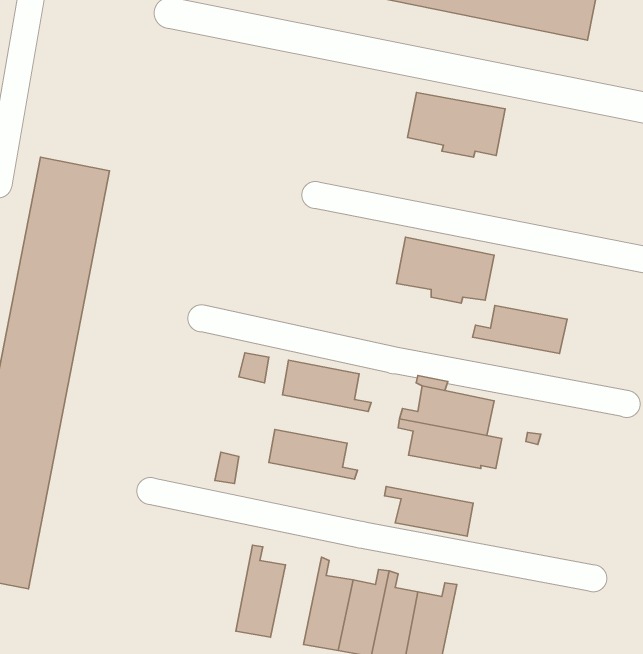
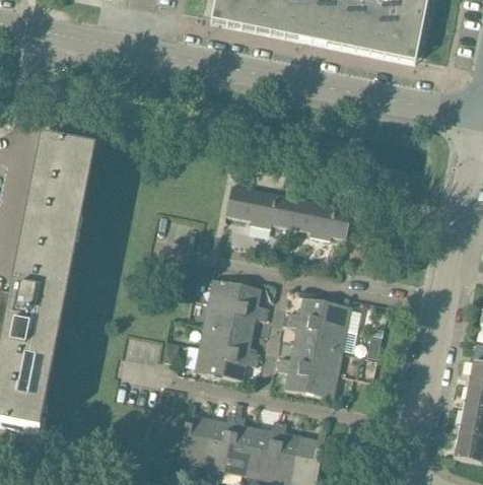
building: [407,92,505,157] -> [226,184,292,227]
building: [472,306,567,354] -> [279,342,343,374]
building: none -> [204,301,267,334]
building: none -> [195,347,258,379]
building: none -> [201,410,235,470]

